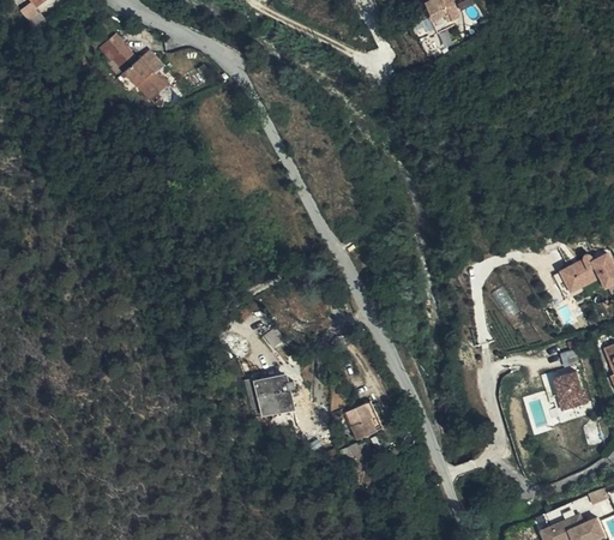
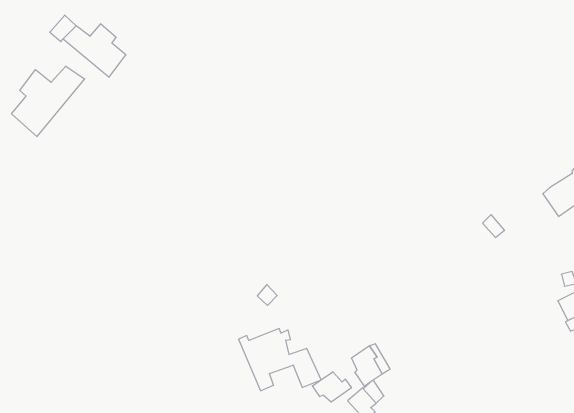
building: none -> [12,66,85,137]
building: none -> [312,372,351,402]

